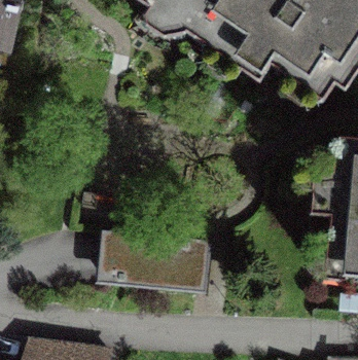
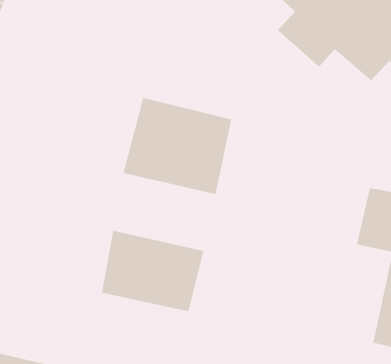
building: none -> [123,97,232,195]

